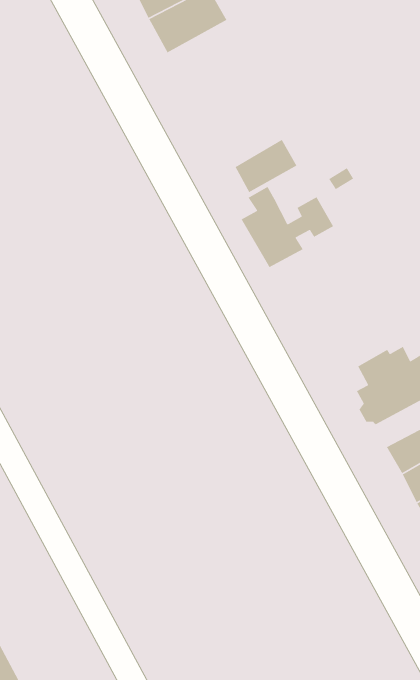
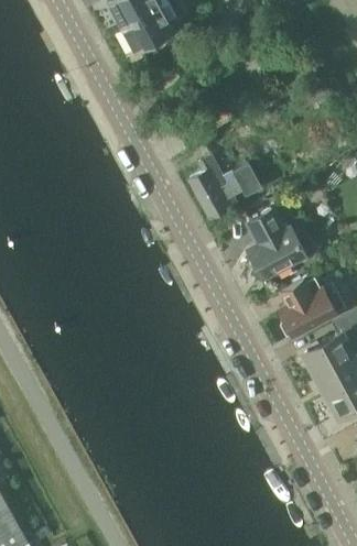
building: [235,139,297,193] -> none
building: none -> [246,208,307,281]

